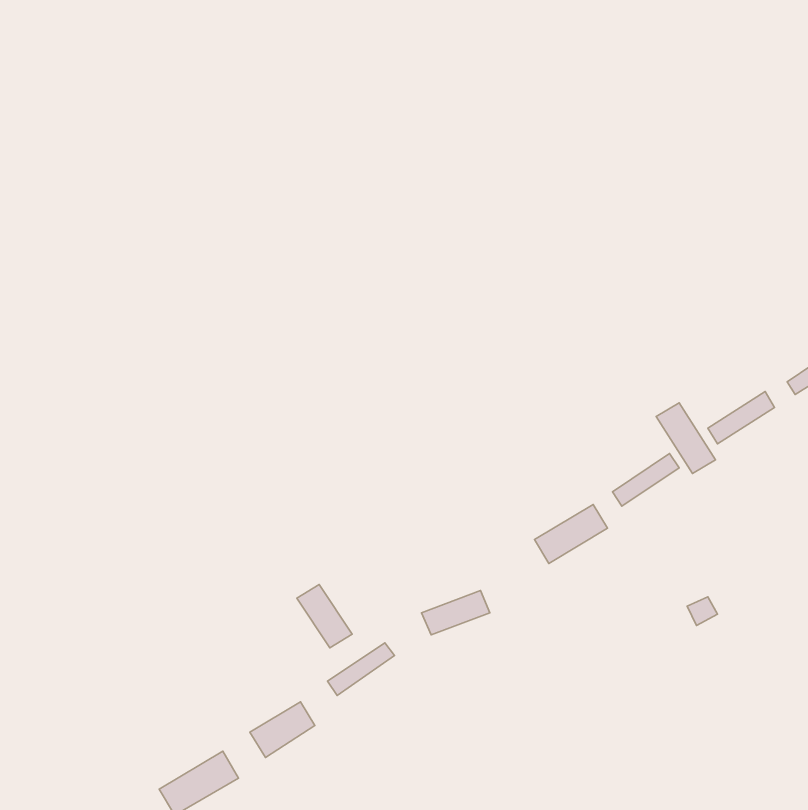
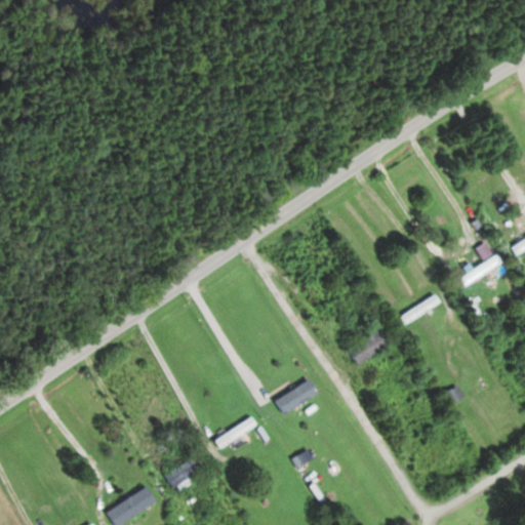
building: [656,403,716,473] -> none
building: [297,585,352,648] -> none

